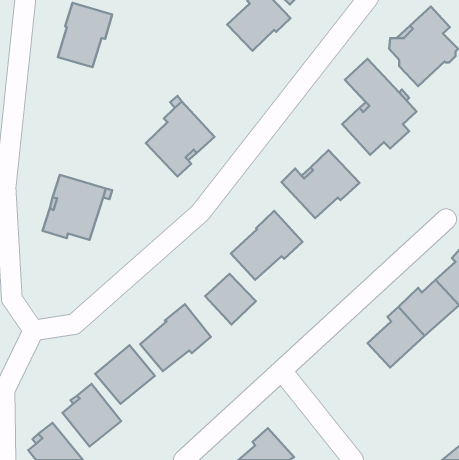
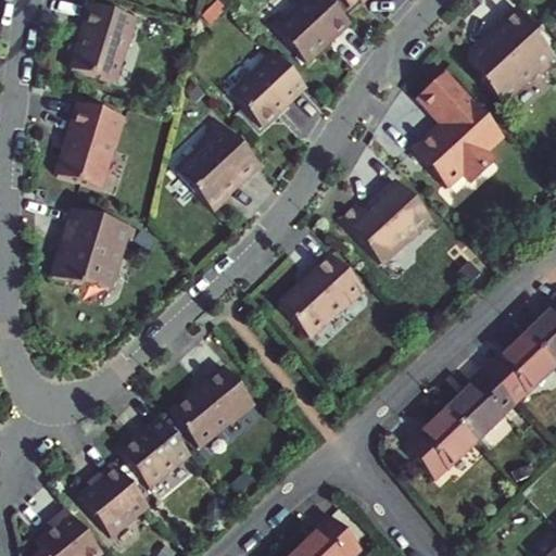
building: none -> [235,50,309,126]
building: none -> [59,101,127,187]
building: [205,274,256,324] -> none
building: none -> [406,412,472,472]

